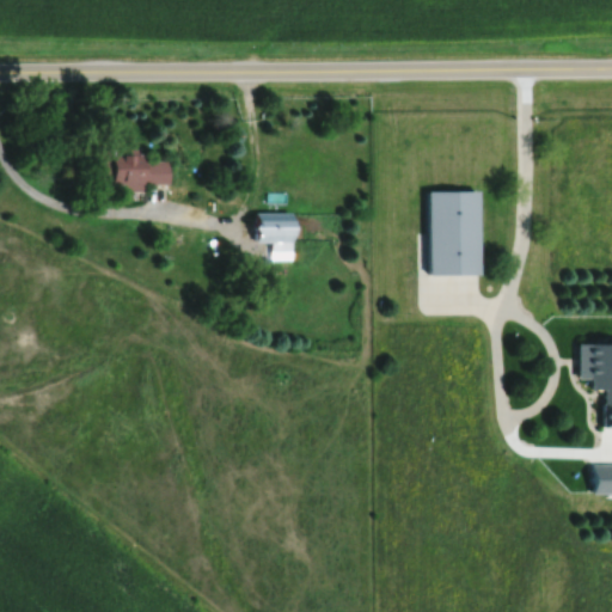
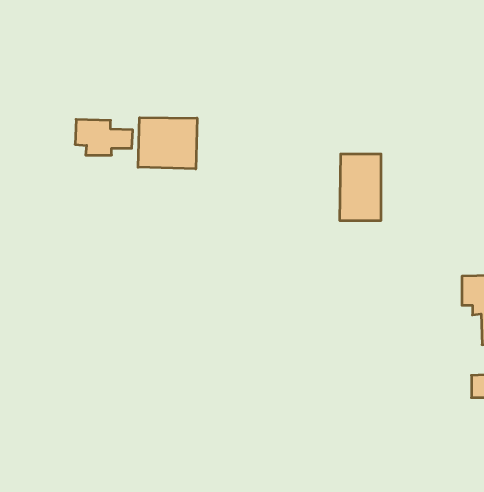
building: none -> [138,118,197,169]
building: [257,213,294,243] -> none

